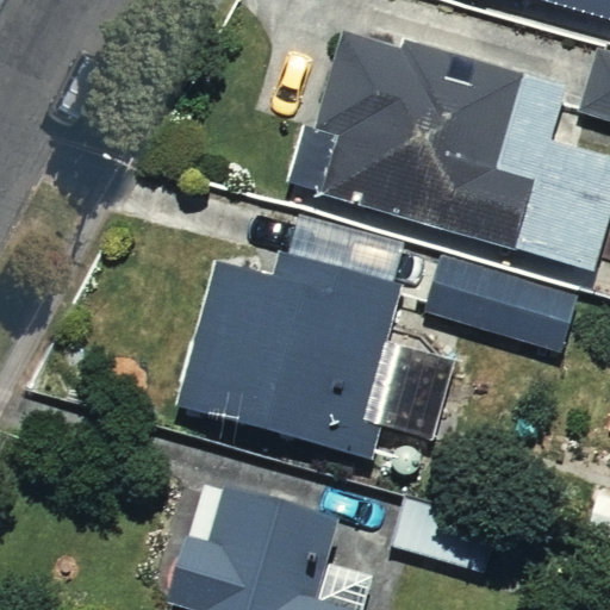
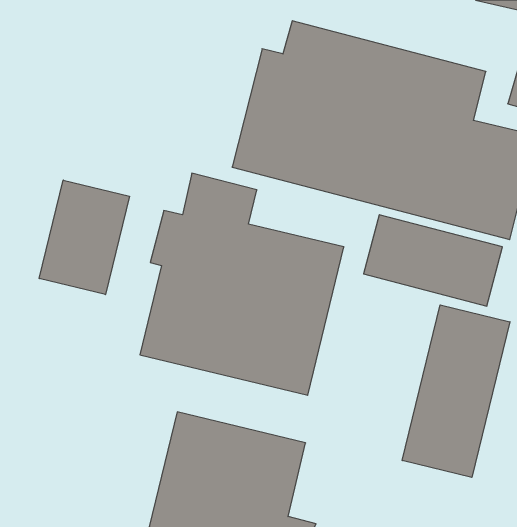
building: none -> [39,180,129,295]
building: none -> [402,305,510,477]

